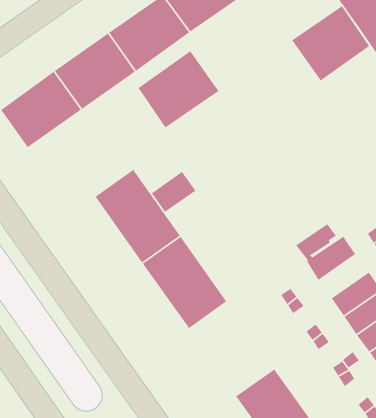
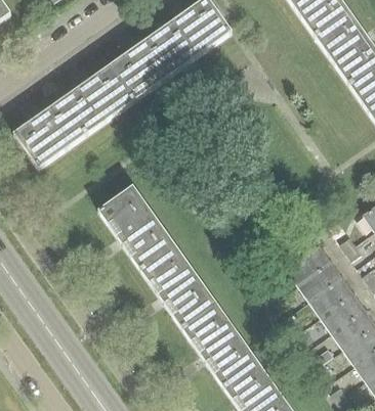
building: [291,5,370,81] -> none
building: [137,50,219,128] -> none
building: [151,171,196,213] -> none
building: none -> [297,262,342,301]
building: none -> [182,304,258,387]

